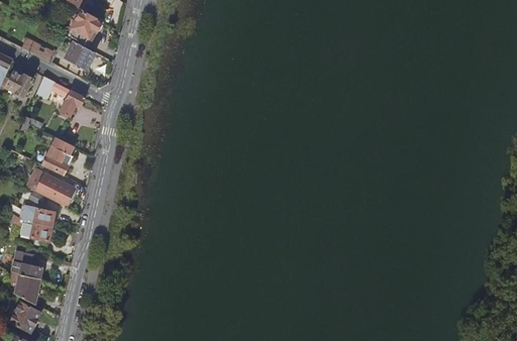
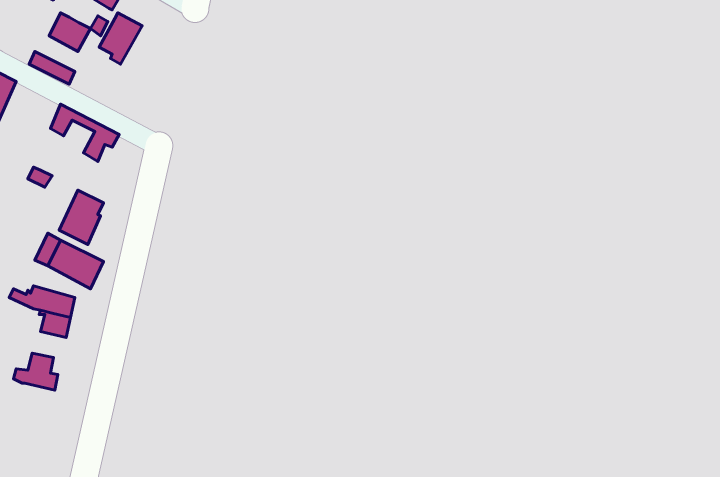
building: [65,40,94,68] -> [49,13,91,51]
building: [6,72,32,96] -> none
building: [14,272,39,303] -> none
building: [10,302,39,331] -> none

